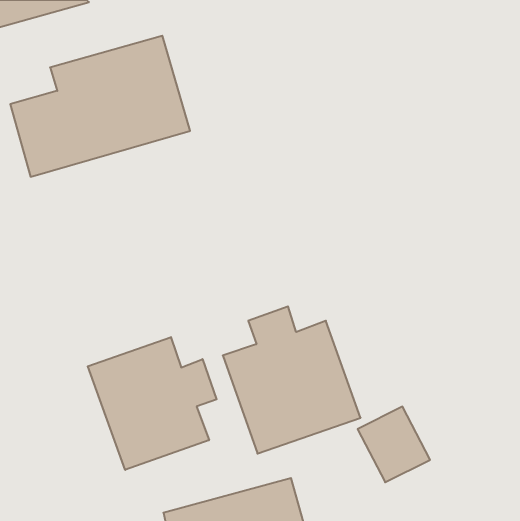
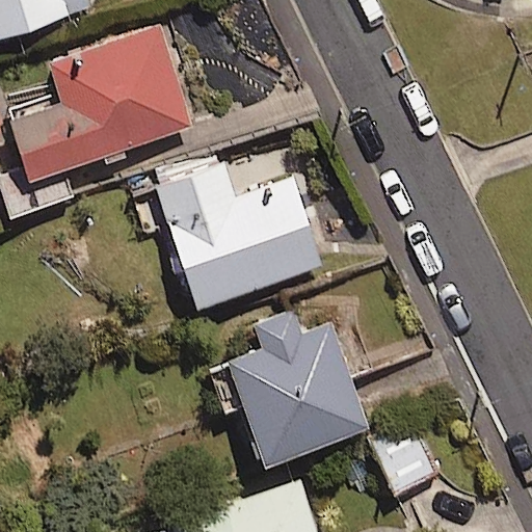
building: none -> [154,160,321,307]
building: [88,337,217,470] -> none

